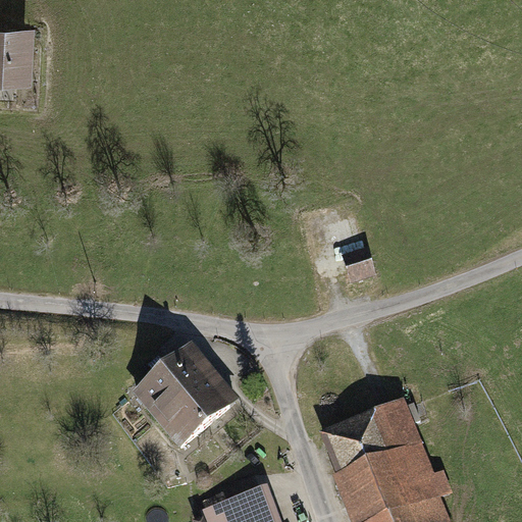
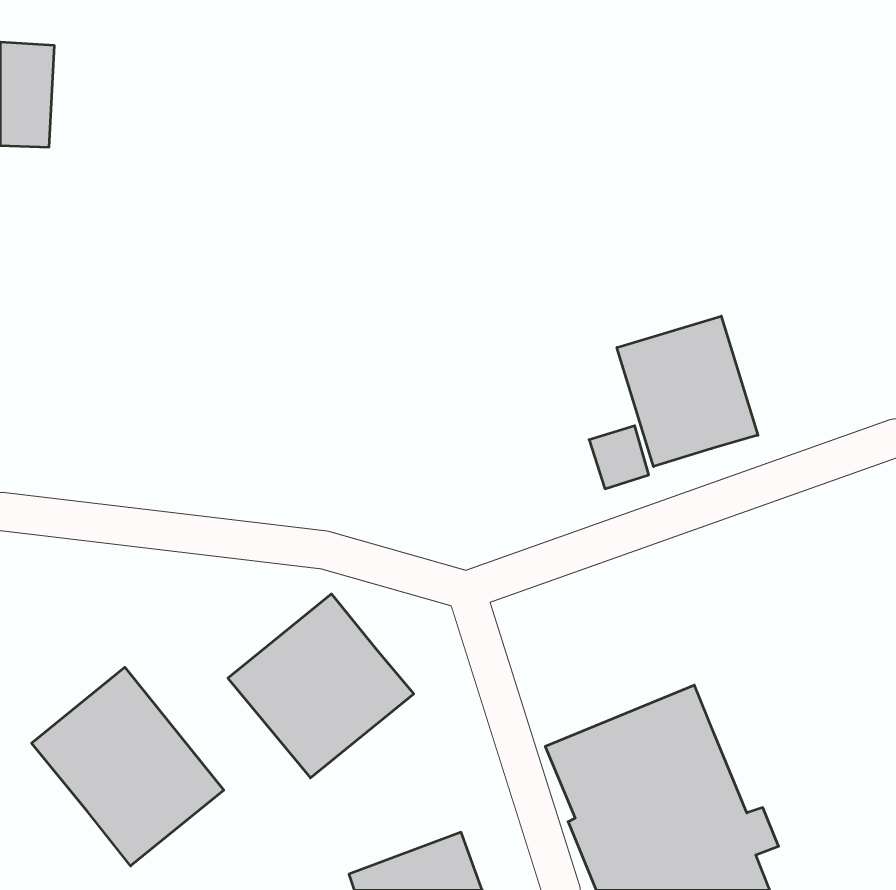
building: none -> [617,316,758,467]
building: none -> [32,667,224,866]

